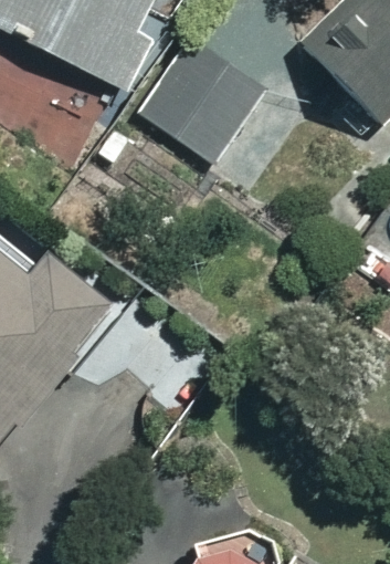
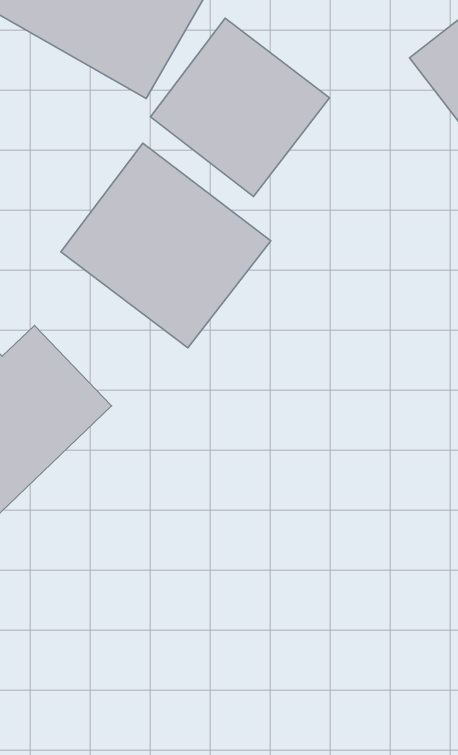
building: none -> [61,143,271,348]

